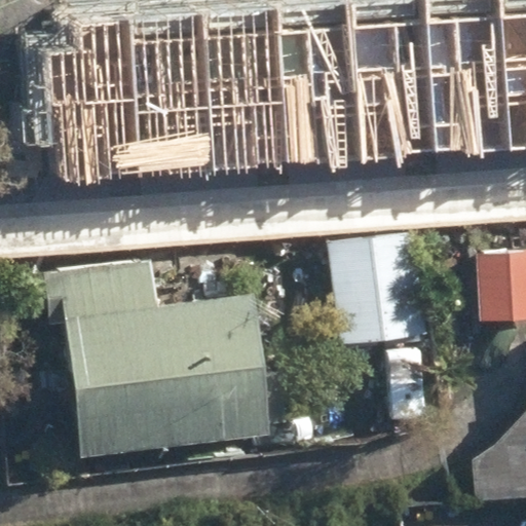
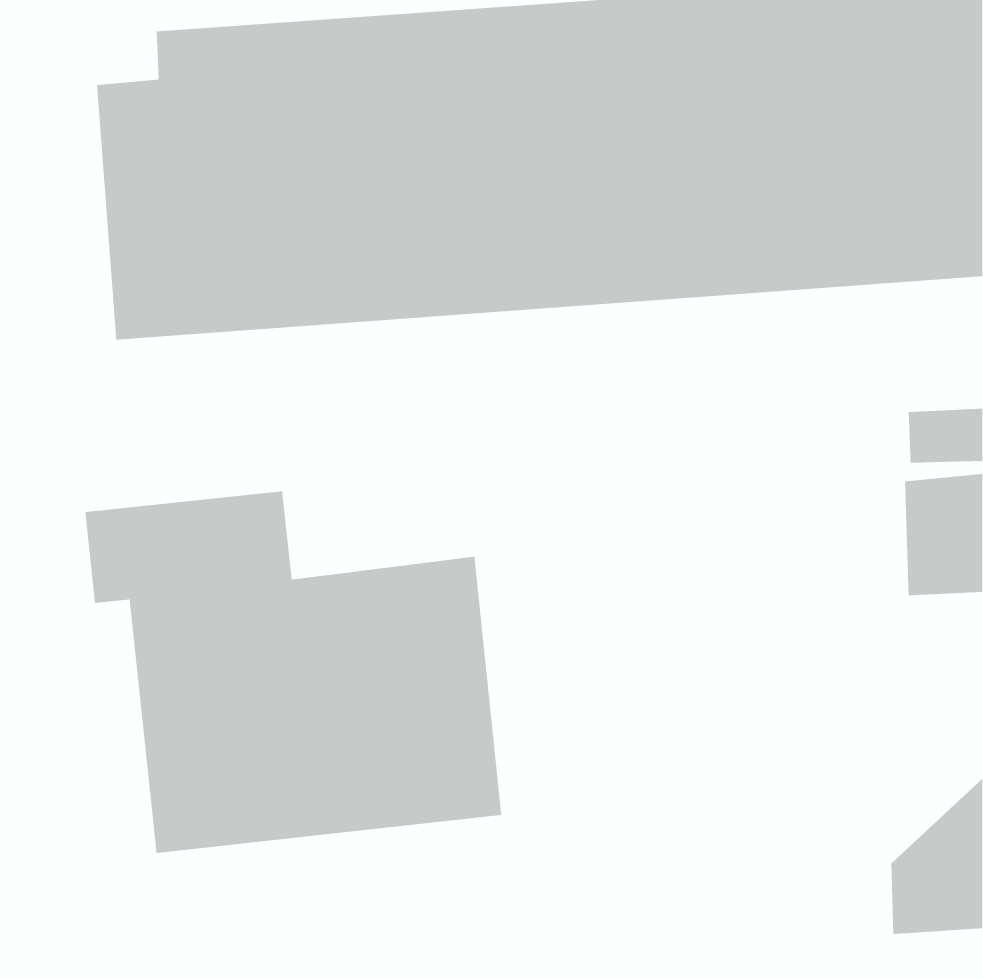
building: [330,237,422,344] -> none

